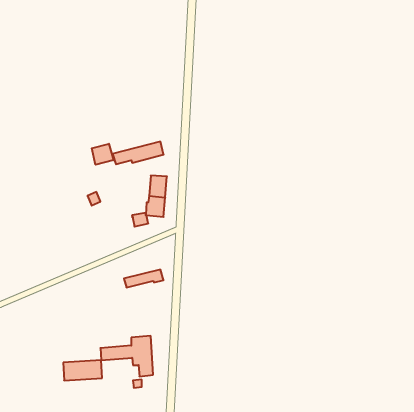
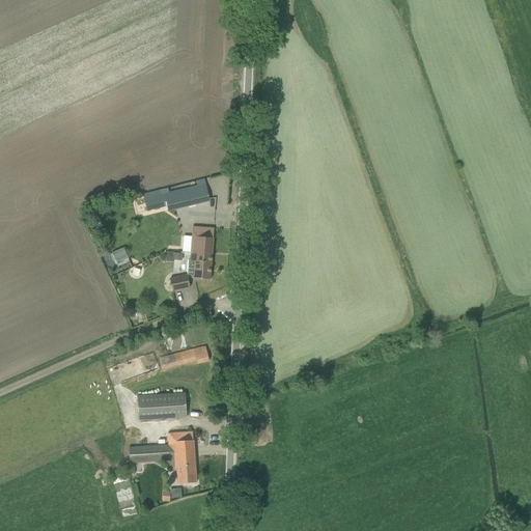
building: [92,144,113,165] -> none
building: [63,360,102,380] -> [137,392,187,418]

